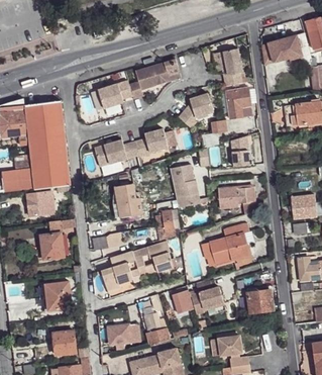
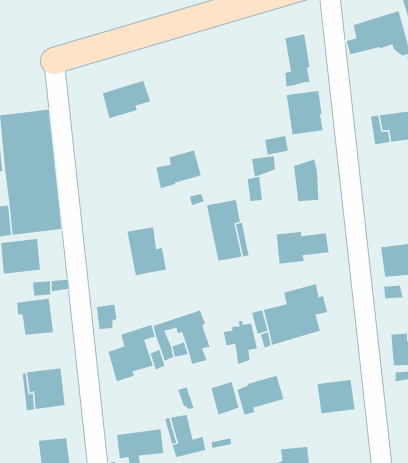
building: [127,59,180,99] -> none
building: [178,94,212,128] -> none
building: [93,140,137,167] -> none
building: [155,207,180,239] -> [223,320,258,365]

